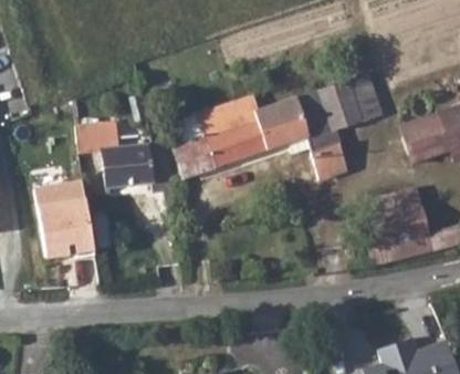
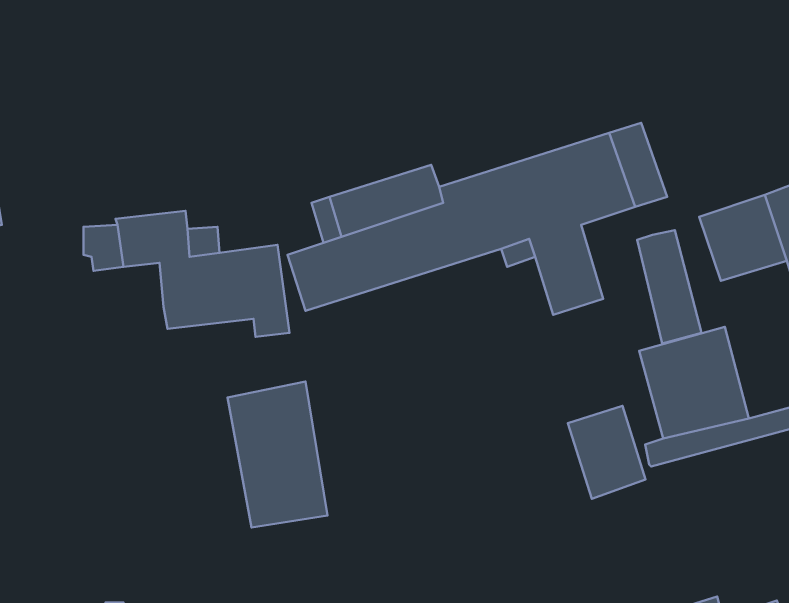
building: none -> [637,230,702,344]
building: [41,179,96,260] -> [228,381,327,527]
building: none -> [568,406,645,499]

